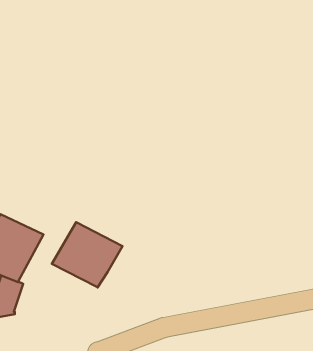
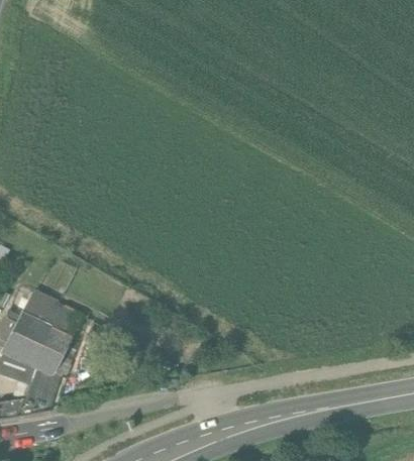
building: [52,222,123,288] -> none

